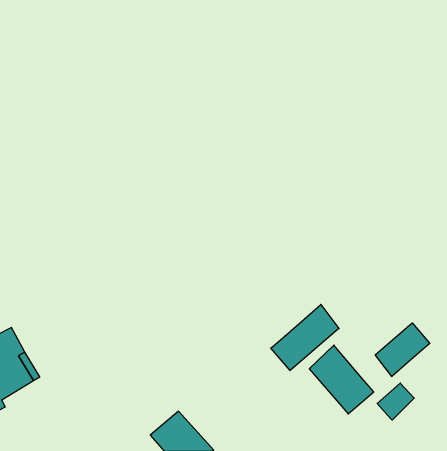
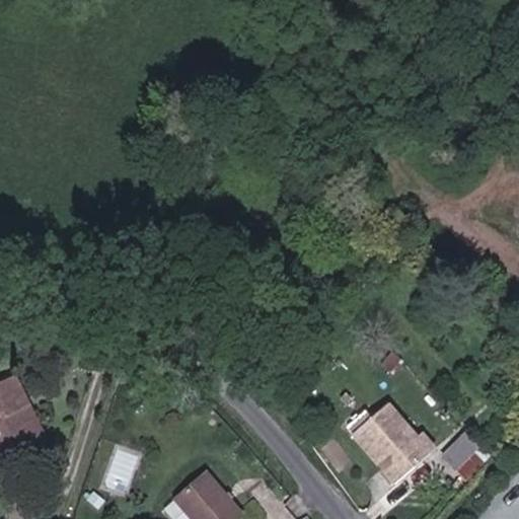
building: [271,304,339,371] -> none
building: [375,323,430,377] -> none

